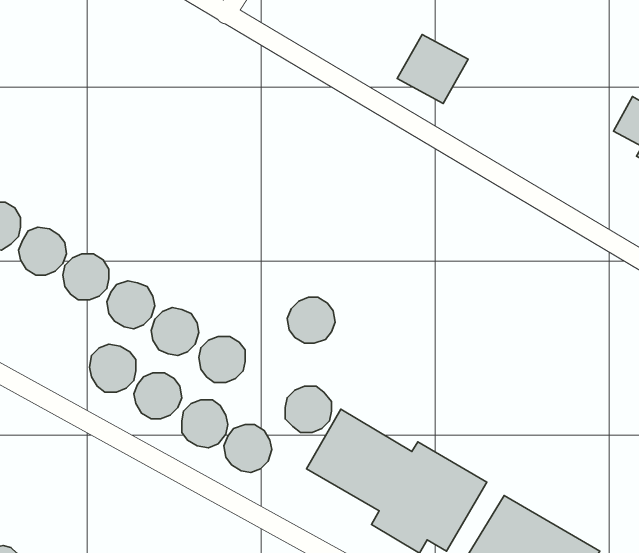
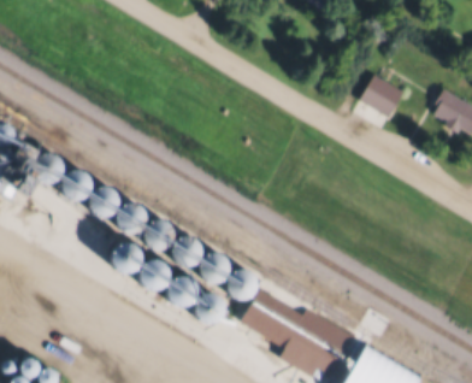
building: [397,34,468,103] -> [361,73,406,117]
building: [287,297,335,343] -> [199,255,229,284]

